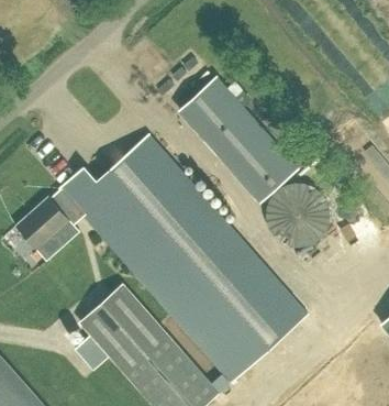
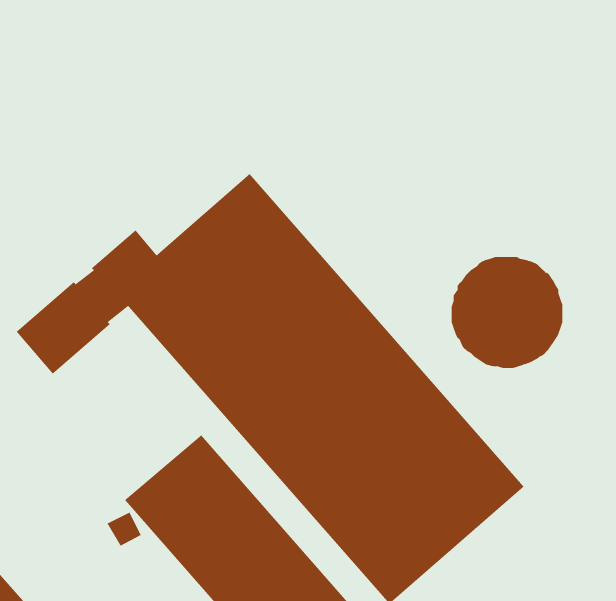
building: [180,80,297,204] -> none

